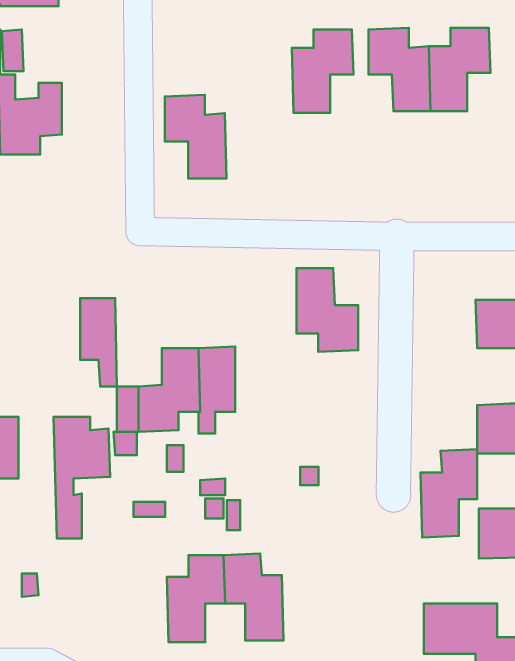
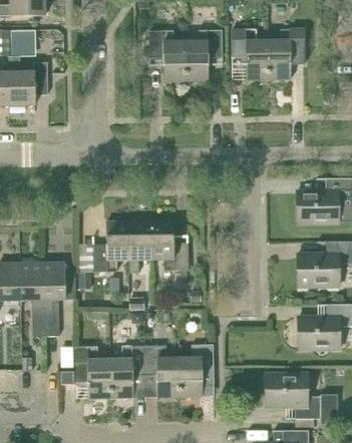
building: [165,95,227,178] -> [148,30,186,80]
building: [296,268,358,352] -> [150,220,188,271]
building: [80,298,117,387] -> [20,263,42,316]
building: [420,449,477,538] -> [179,344,213,397]
building: none -> [75,346,110,398]

